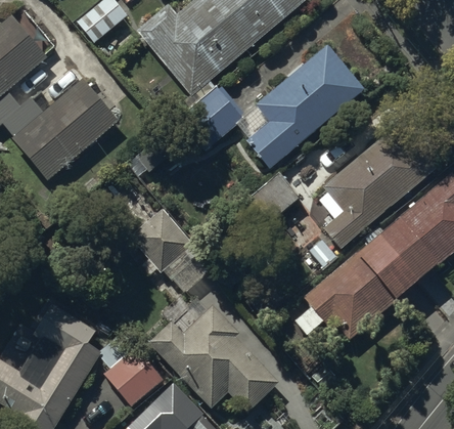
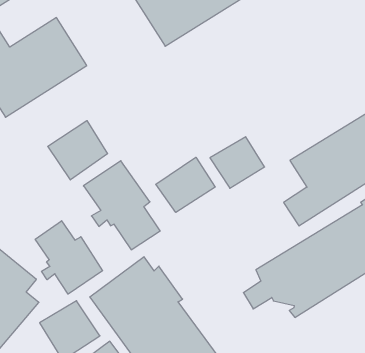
building: [194,54,352,168] -> none
building: none -> [48,121,108,180]
building: none -> [156,157,215,212]
building: none -> [35,221,103,294]

